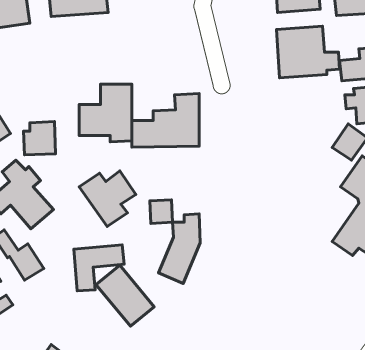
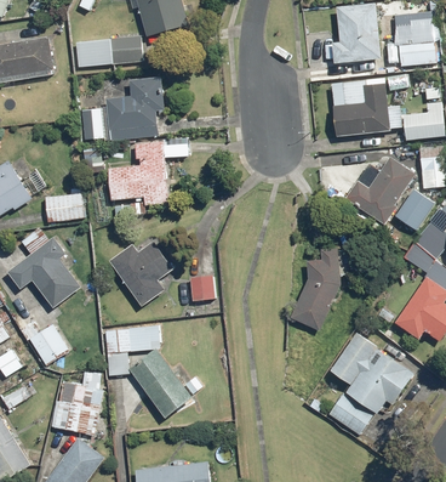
building: [132,94,199,147] -> [80,78,156,138]
building: none -> [347,157,413,223]
building: [158,214,200,283] -> [291,250,338,329]
building: none -> [328,333,413,435]
building: none -> [53,372,102,435]

